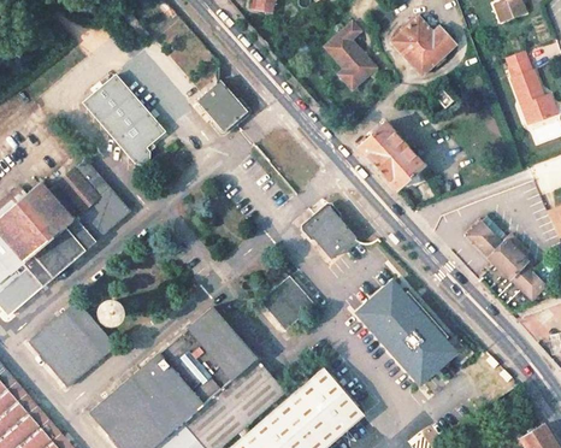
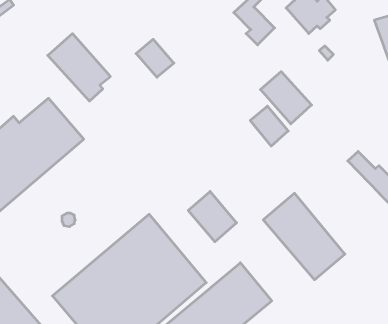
building: [305,205,353,255] -> [250,106,288,146]
building: [31,299,116,383] -> none

